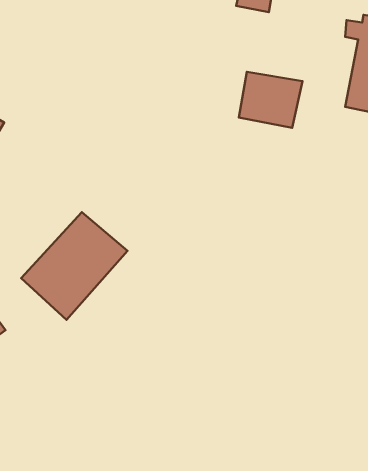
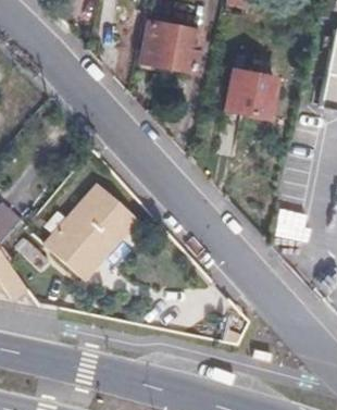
building: none -> [143,21,203,71]

